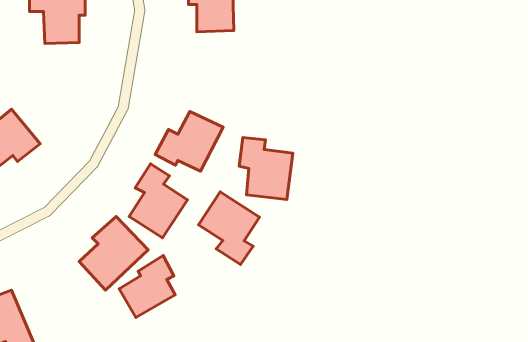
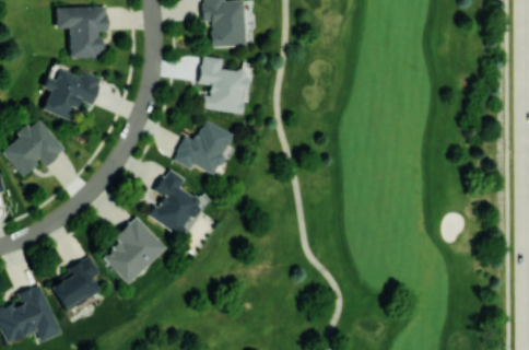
building: none -> [44,68,104,121]
building: [239,138,293,200] -> [199,57,248,114]
building: [199,192,259,265] -> none
building: [119,256,175,318] -> [50,255,102,312]

